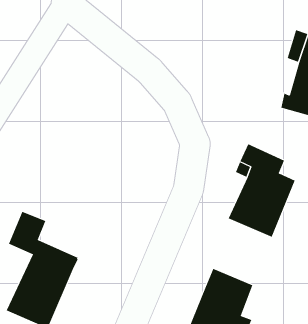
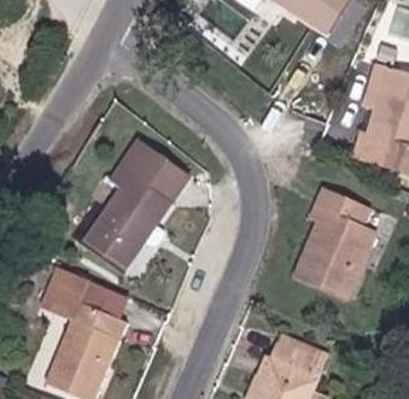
building: none -> [74,137,166,266]

